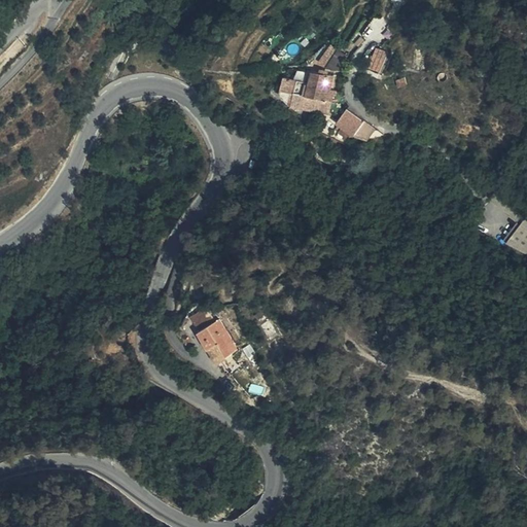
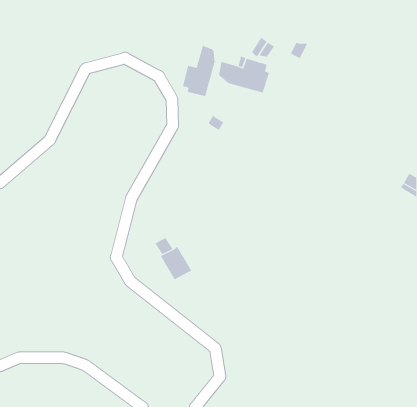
building: none -> [182,45,215,97]
building: [332,109,372,142] -> none

